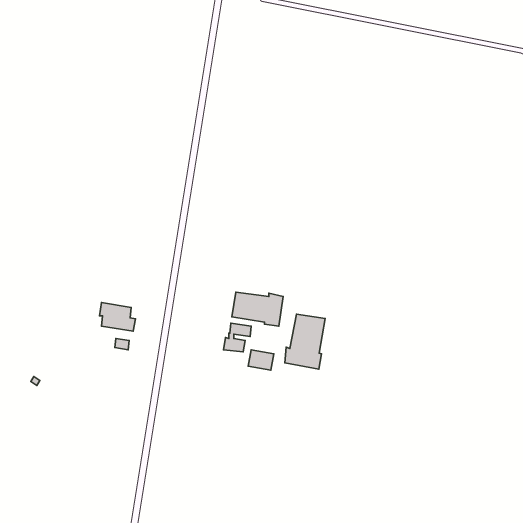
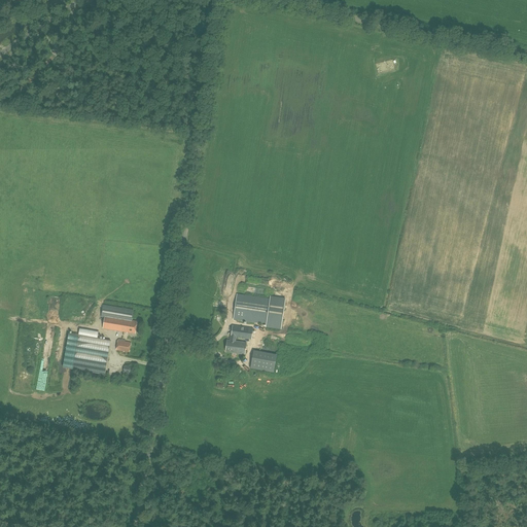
building: [285,314,325,369] -> none
building: none -> [63,327,110,374]

